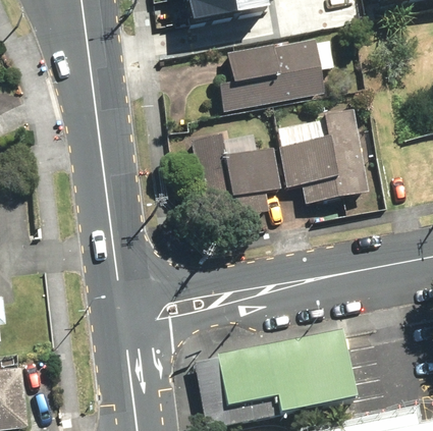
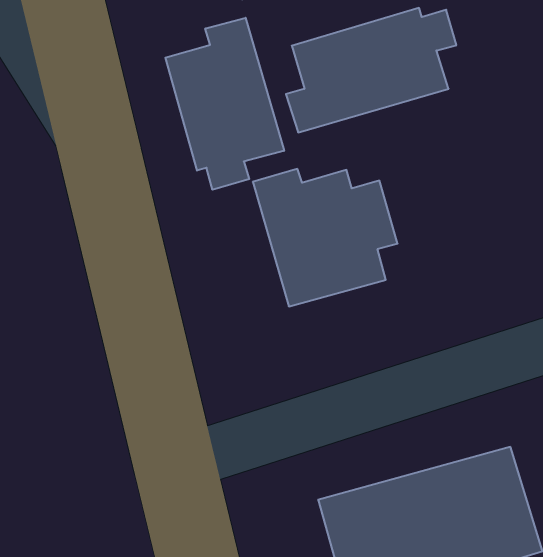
building: none -> [165,18,284,190]
building: [275,112,367,205] -> none

